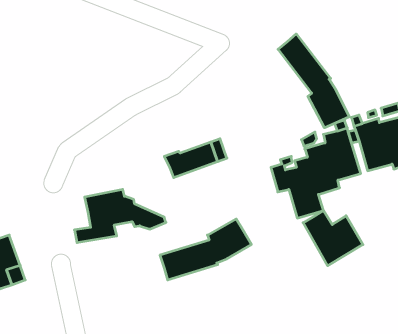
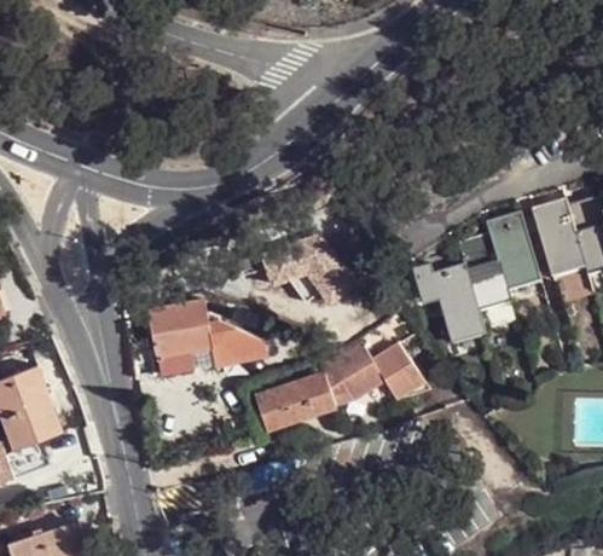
building: [278,34,349,128] -> none
building: [303,211,363,266] -> none
building: none -> [372,344,424,400]

